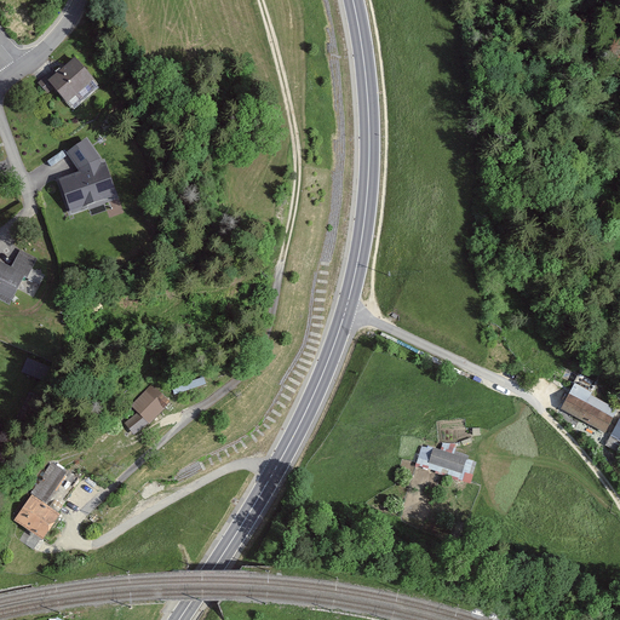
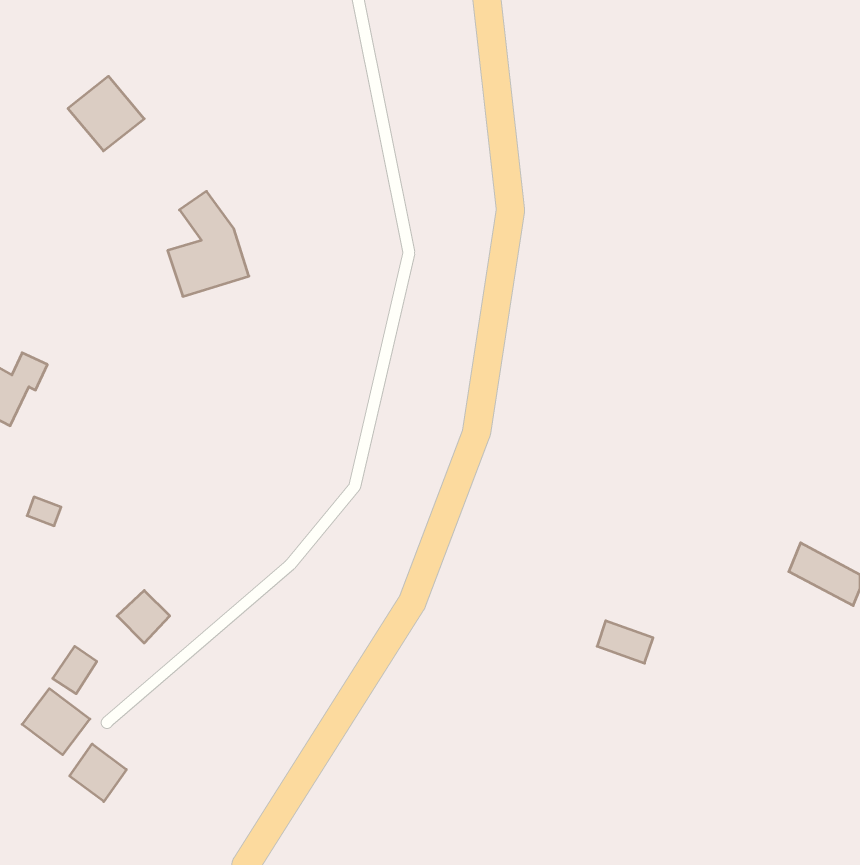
building: [54,137,113,212] -> [168,191,249,296]
building: [128,385,166,423] -> [117,590,170,643]
building: none -> [70,744,126,802]

